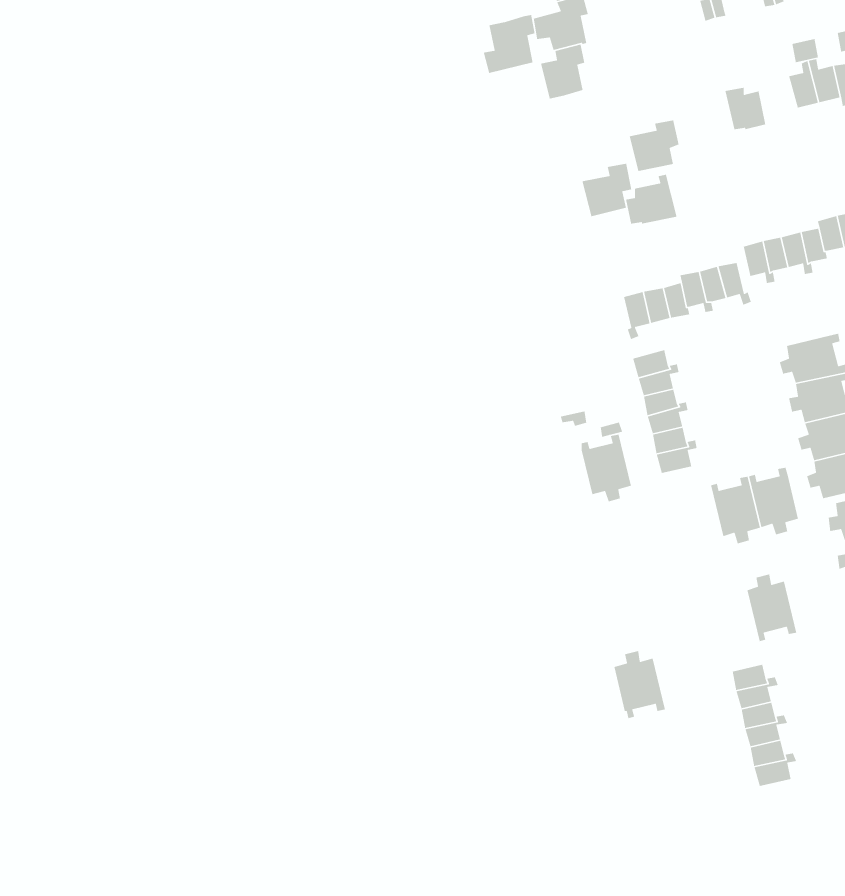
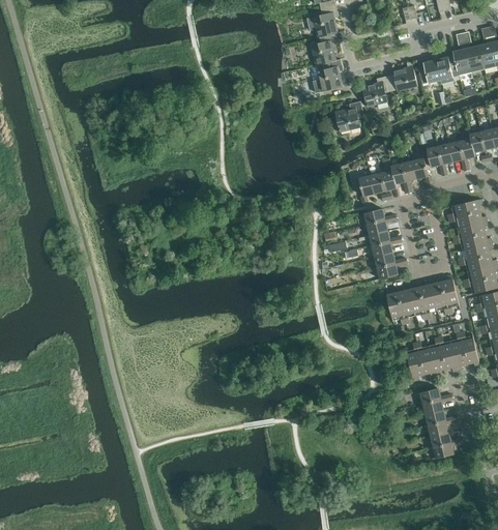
building: [483,14,535,74] -> [314,59,344,93]
building: none -> [437,52,460,84]
building: [625,174,678,225] -> [388,62,418,91]
building: [581,434,632,503] -> [387,286,416,325]
building: none -> [451,331,480,371]
building: [613,650,666,719] -> [407,342,437,381]

